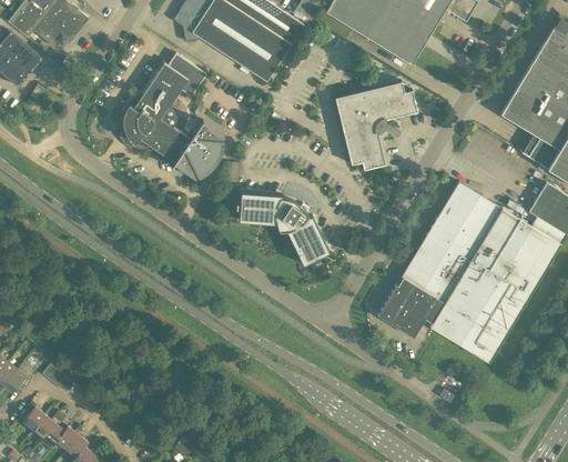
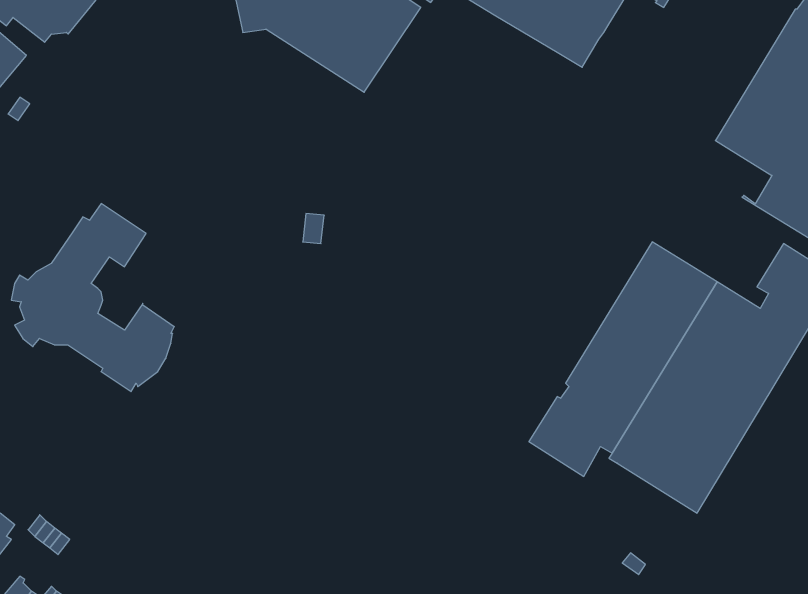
building: [115,53,224,179] -> [11,204,174,392]
building: [334,81,417,169] -> none
building: [236,191,329,264] -> none

